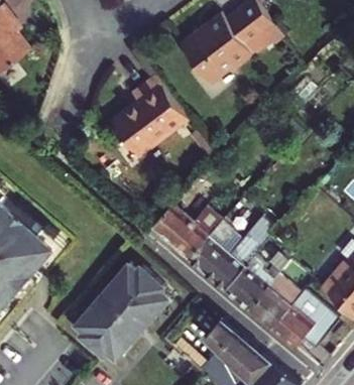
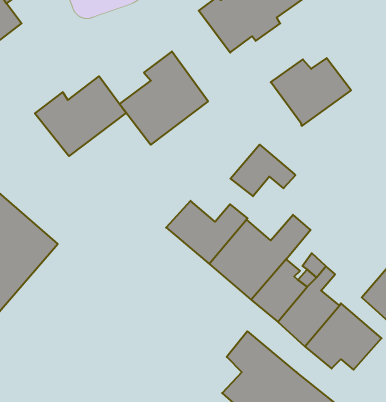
building: none -> [271,58,351,126]
building: none -> [35,76,126,156]
building: none -> [230,145,295,196]
building: [78,263,170,360] -> none

